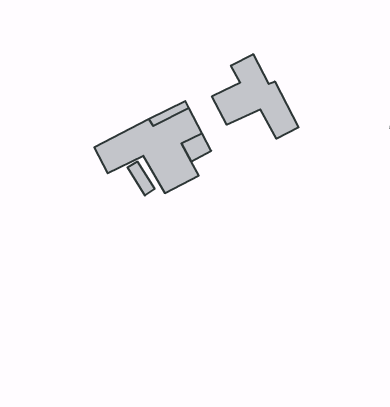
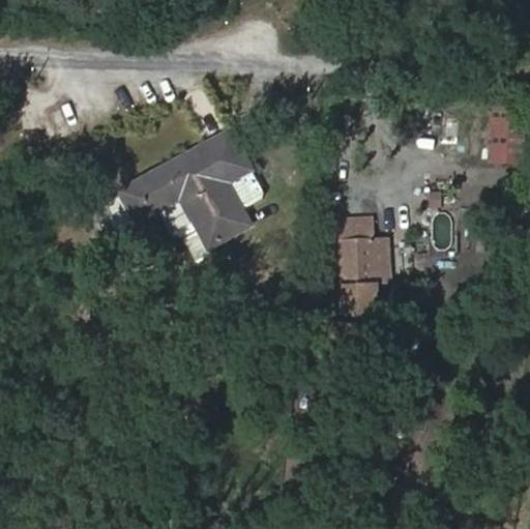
building: [212,54,299,139] -> none
building: none -> [336,214,390,301]

